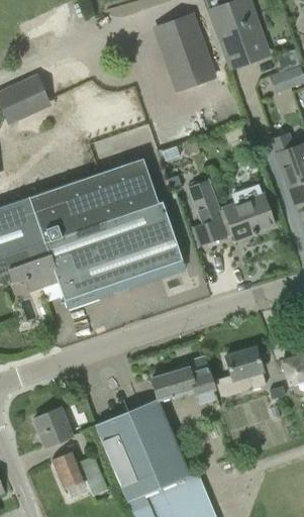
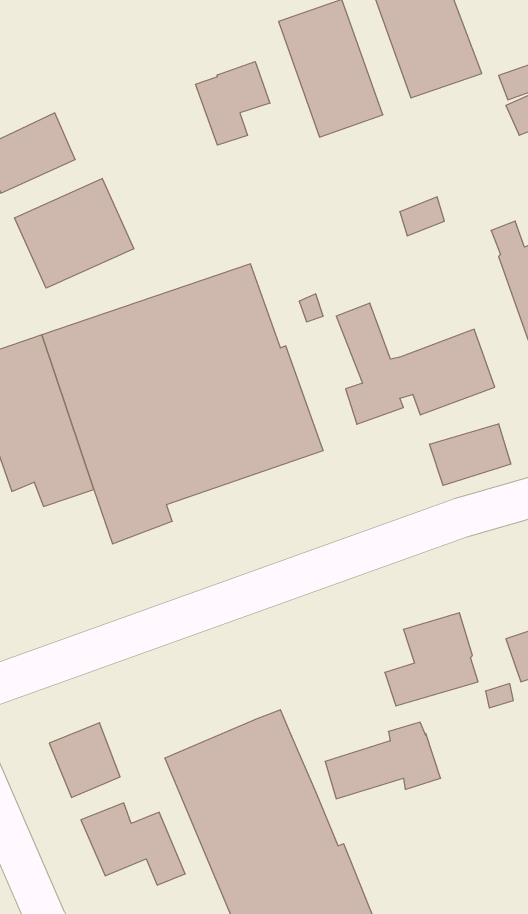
building: none -> [196,62,270,145]
building: none -> [15,178,134,288]
building: none -> [430,424,511,485]
building: [151,357,214,399] -> [325,722,441,799]

